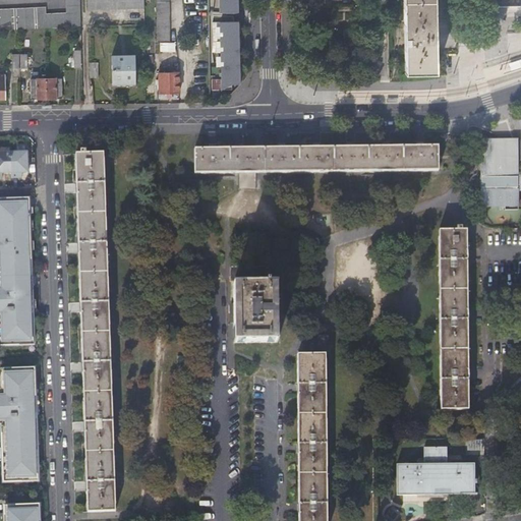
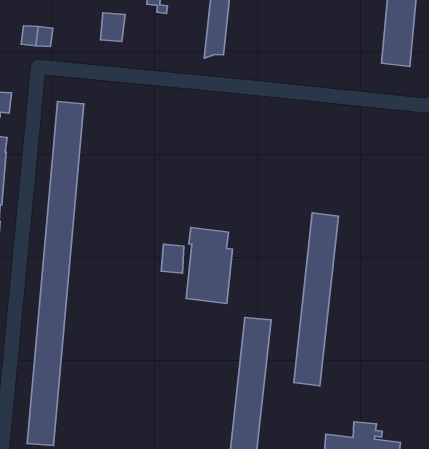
building: [159,64,179,92] -> none
building: [195,146,438,171] -> none
building: [439,229,468,407] -> [294,213,338,386]
building: none -> [161,244,184,273]

